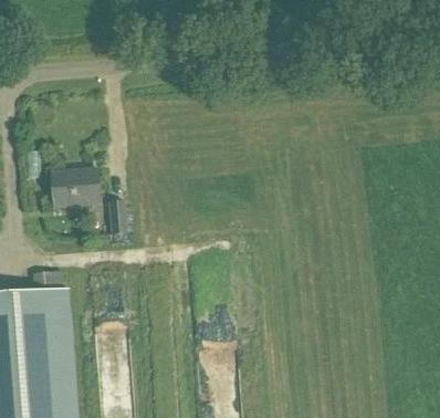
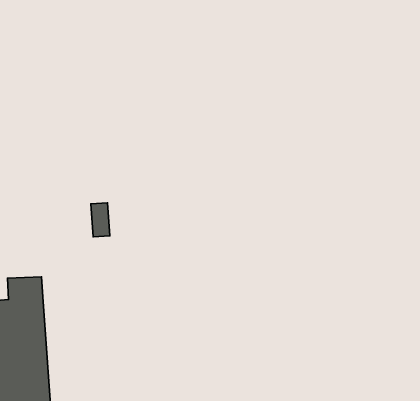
building: [52,166,101,206] -> none

